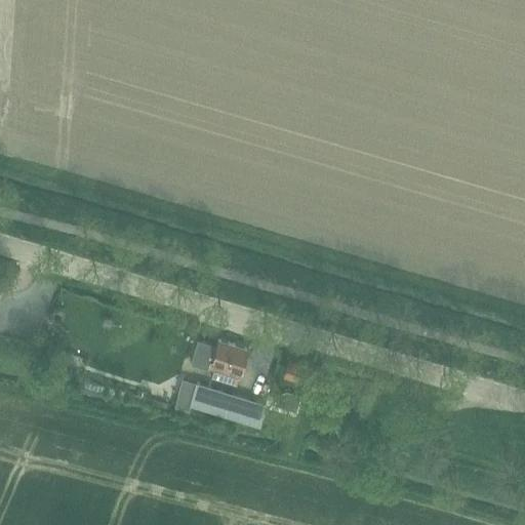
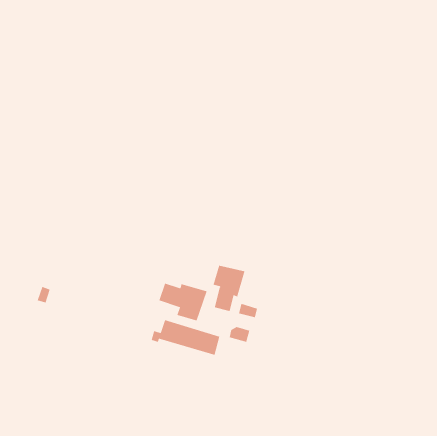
building: none -> [213,265,245,312]

